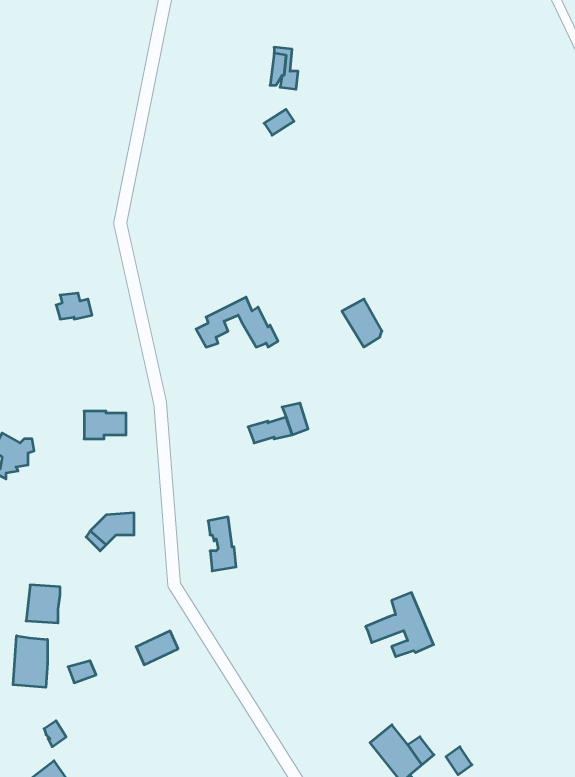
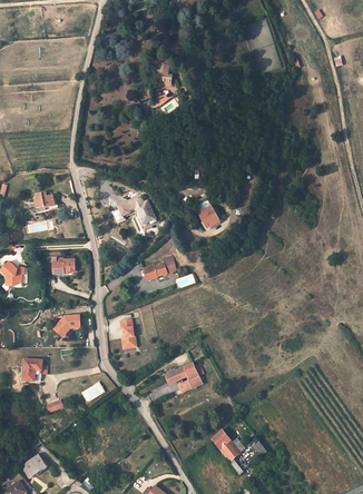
building: [366,593,434,657] -> [166,358,204,394]
building: [13,636,47,687] -> none

